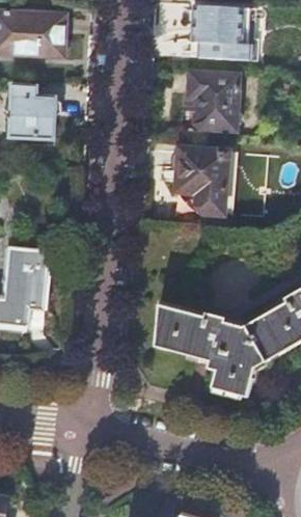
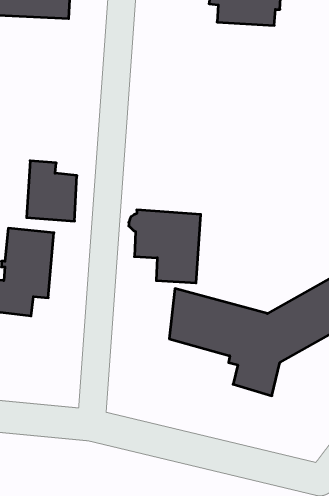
building: [186,72,240,130] -> none
building: [9,83,55,138] -> [27,161,77,221]
building: [172,148,238,215] -> [129,210,201,283]

